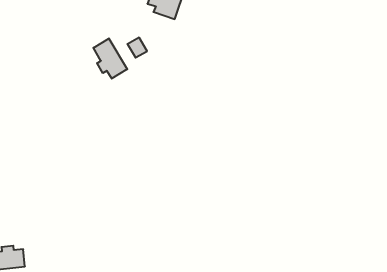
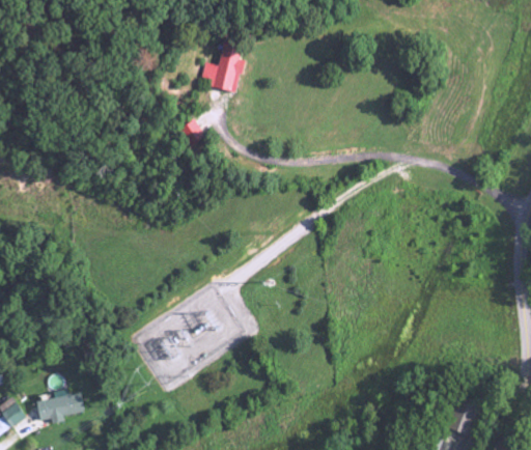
building: [93,38,127,79] -> none

